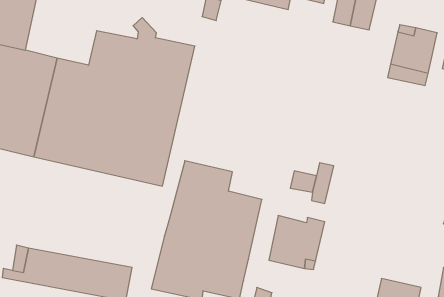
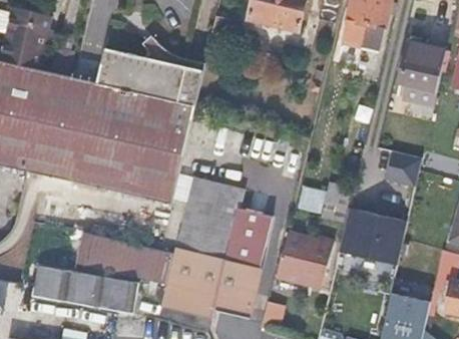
building: none -> [385,150,421,188]
building: none -> [338,208,406,265]
building: none -> [80,233,171,282]

